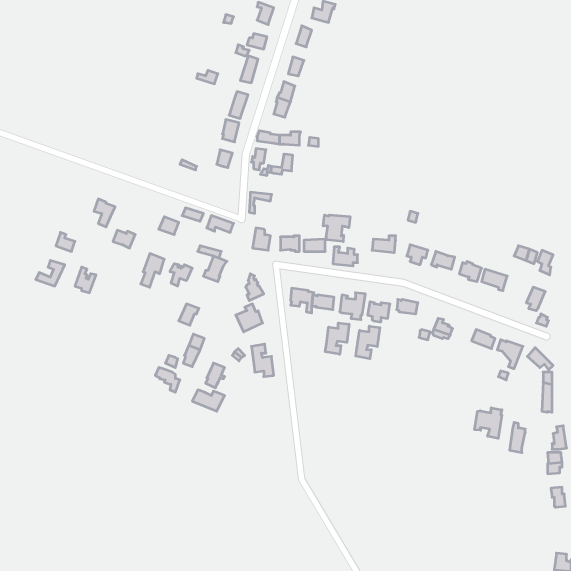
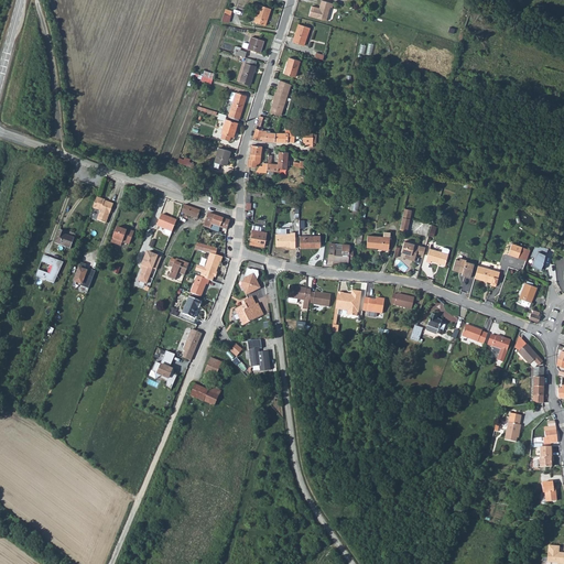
building: [323,215,350,242] -> none
building: [325,323,349,354] -> none
building: [356,326,380,359] -> none
building: [475,408,502,438] -> none

